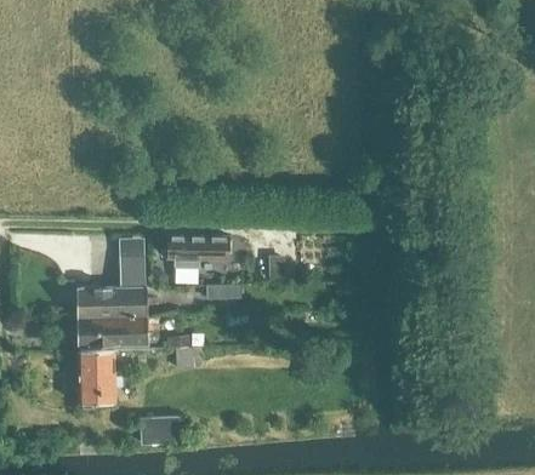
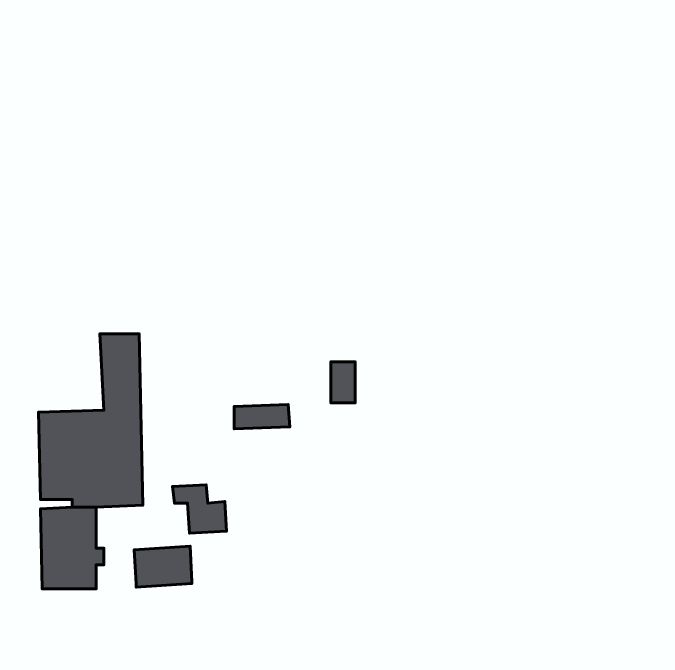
building: [160,233,230,268] -> none
building: [146,418,183,445] -> [134,546,192,587]

